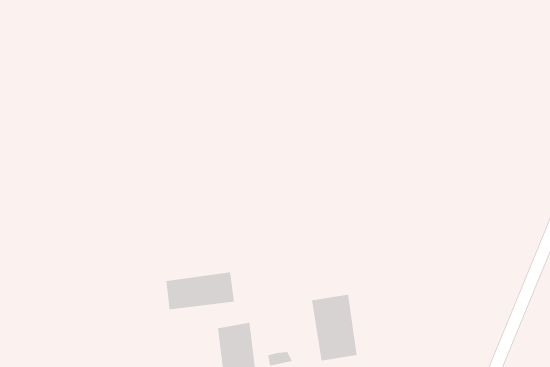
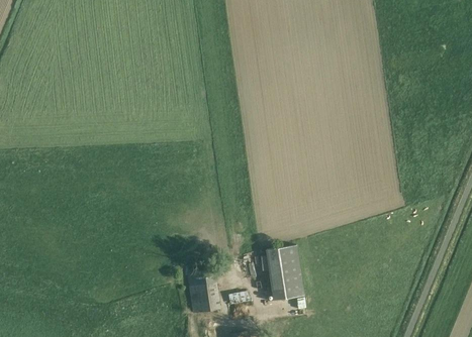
building: [166,271,234,310] -> none

